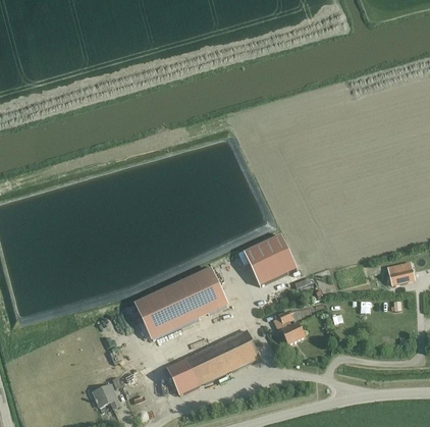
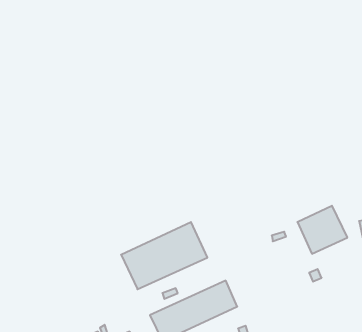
building: [244,234,297,285] -> [297,206,347,254]
building: [278,311,305,344] -> none

